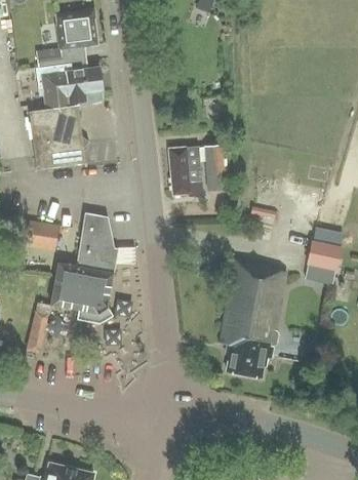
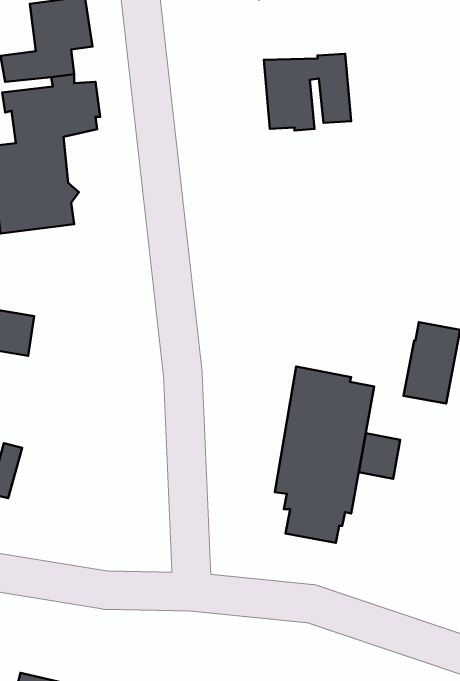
building: [167,145,226,196] -> [264,54,351,130]
building: [49,213,115,314] -> none
building: none -> [359,433,400,479]

